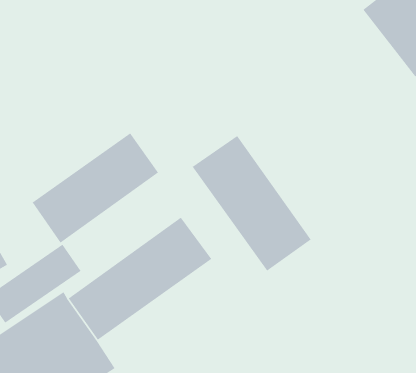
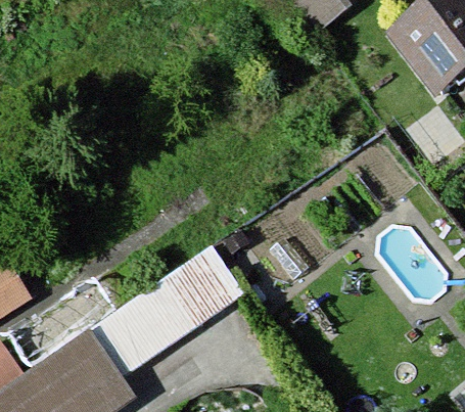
building: [32,133,159,243] -> none
building: [192,135,312,272] -> none

